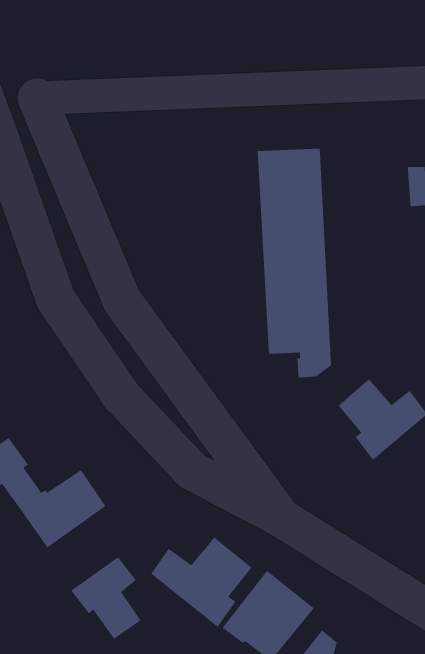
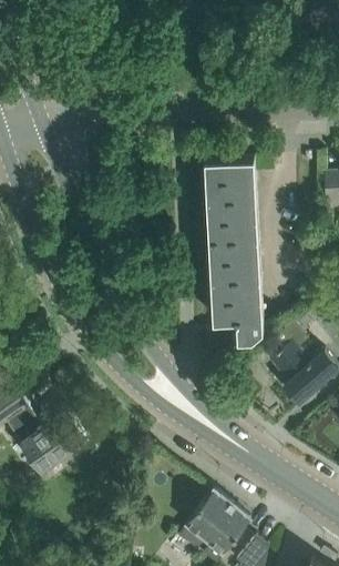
building: [150,536,253,628] -> none
building: [70,556,142,640] -> none

